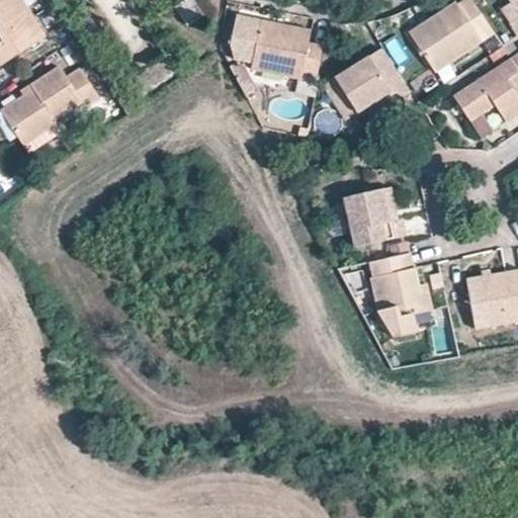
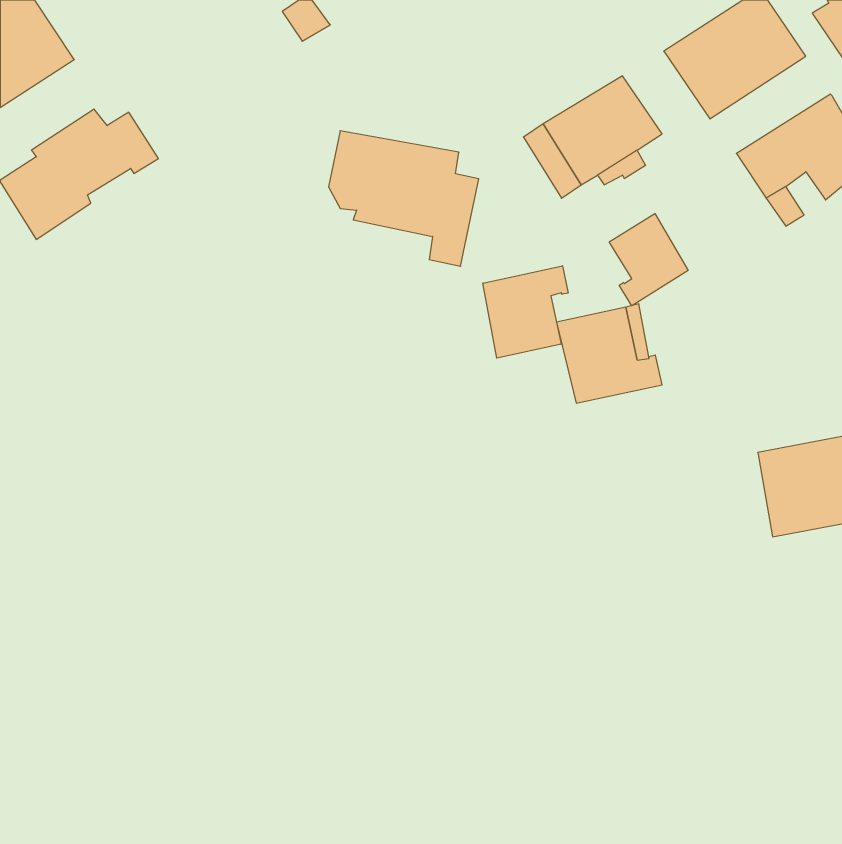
building: [232,15,324,98] -> [329,131,479,266]
building: none -> [609,214,688,306]
building: none -> [483,266,568,358]
building: [367,252,433,338] -> none

